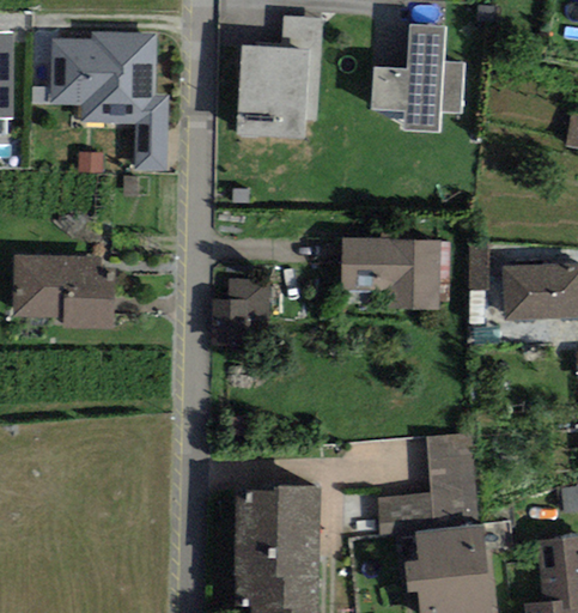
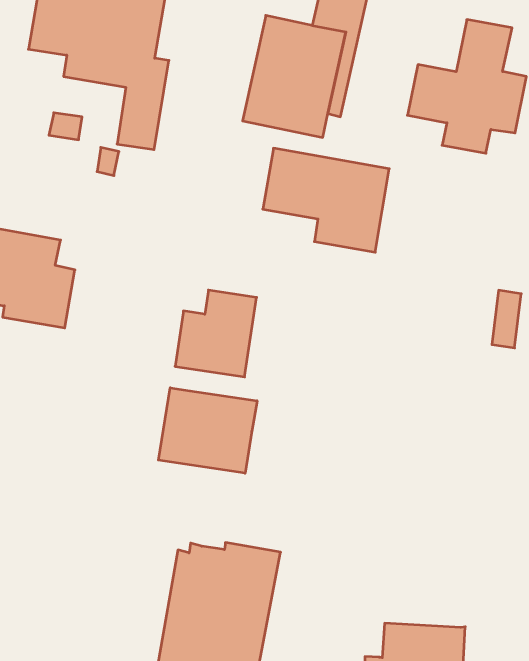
building: [341,237,440,310] -> [263,148,389,252]
building: none -> [158,388,257,473]
building: [377,433,479,534] -> none

